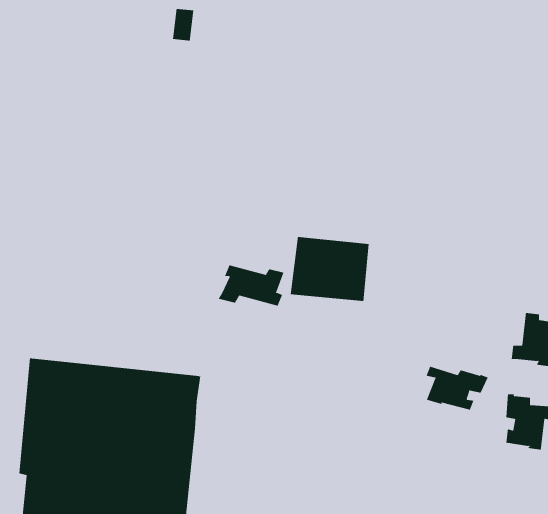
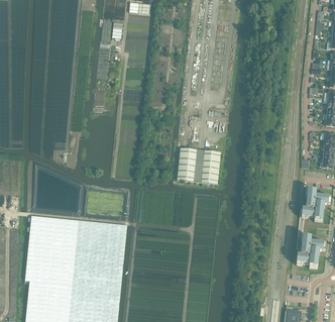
building: [218,265,284,307] -> none
building: [426,366,489,411] -> none

